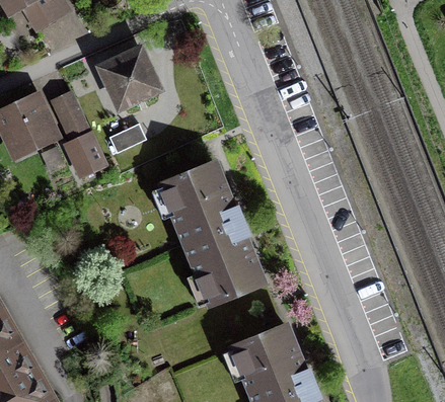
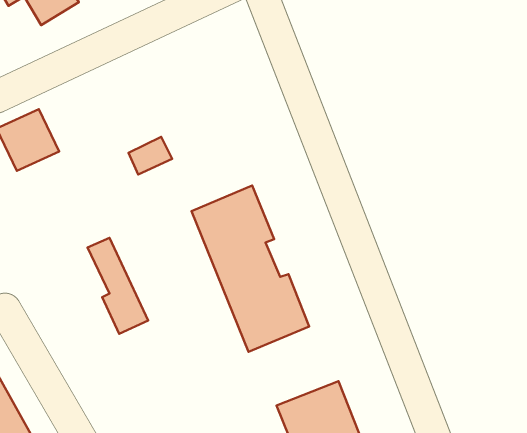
building: [100,52,155,109] -> none
building: [52,95,102,175] -> [87,238,148,334]

